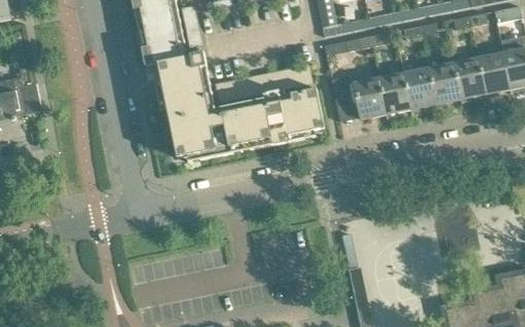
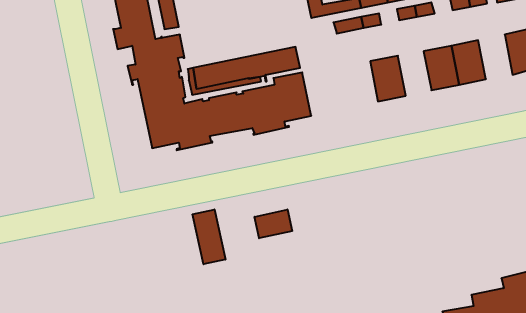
building: [478,52,510,94] -> none
building: [404,68,435,109] -> none
building: [331,77,385,119] -> none
building: none -> [193,209,225,264]
building: none -> [255,209,292,238]

